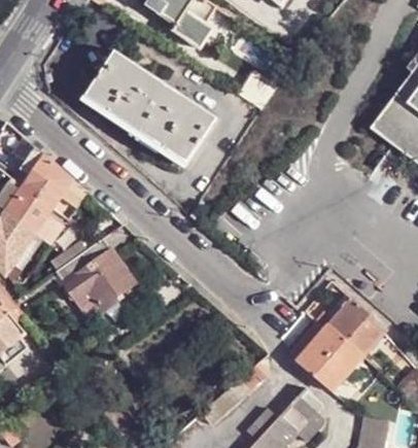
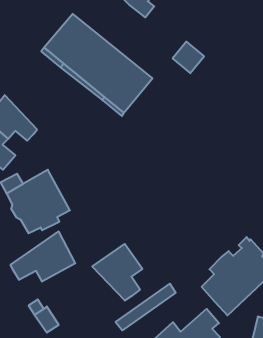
building: none -> [11,231,75,282]
building: none -> [92,244,142,301]

